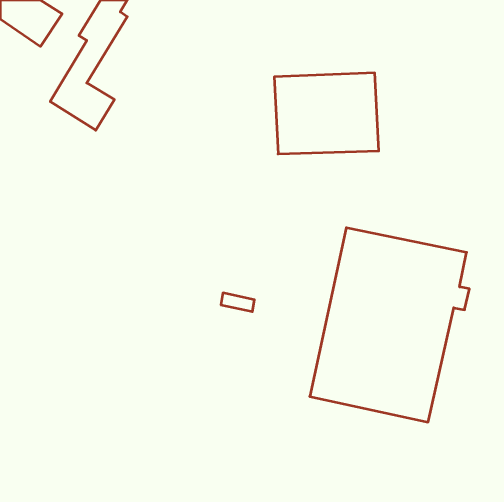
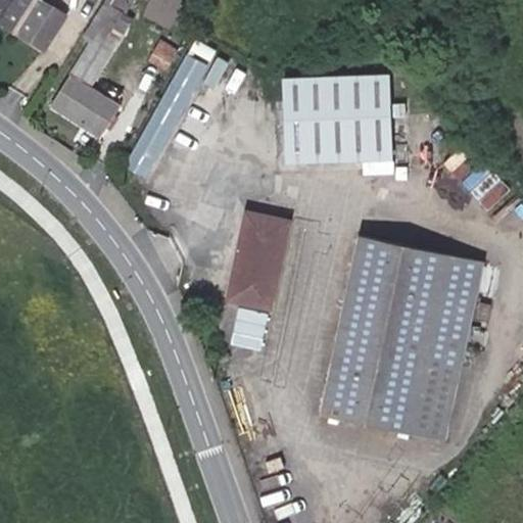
building: none -> [126,41,217,178]
building: none -> [227,212,288,308]

